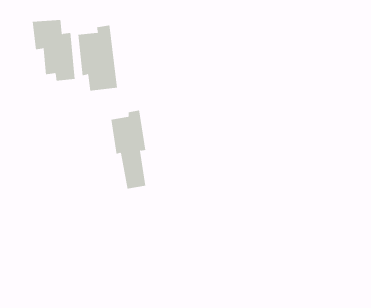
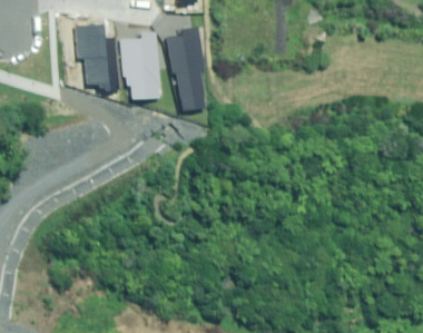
building: [110,110,146,189] -> [167,28,204,109]

